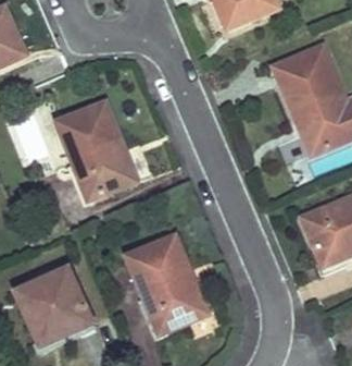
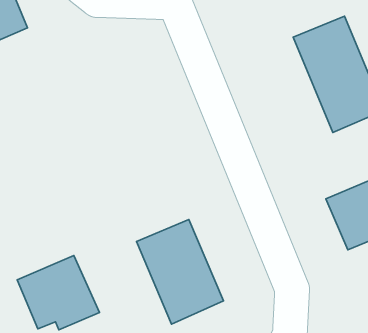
building: [58,103,135,200] -> none

